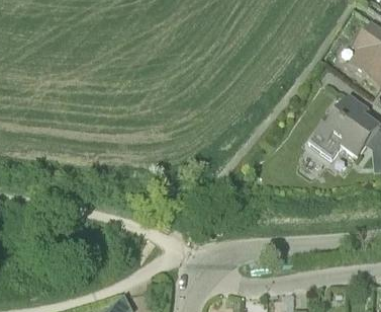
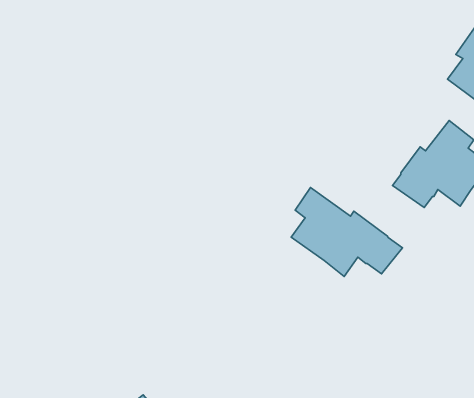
building: none -> [291,188,402,276]

